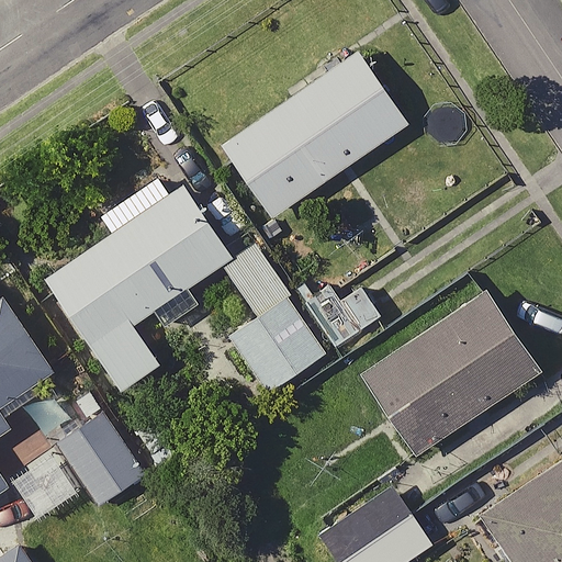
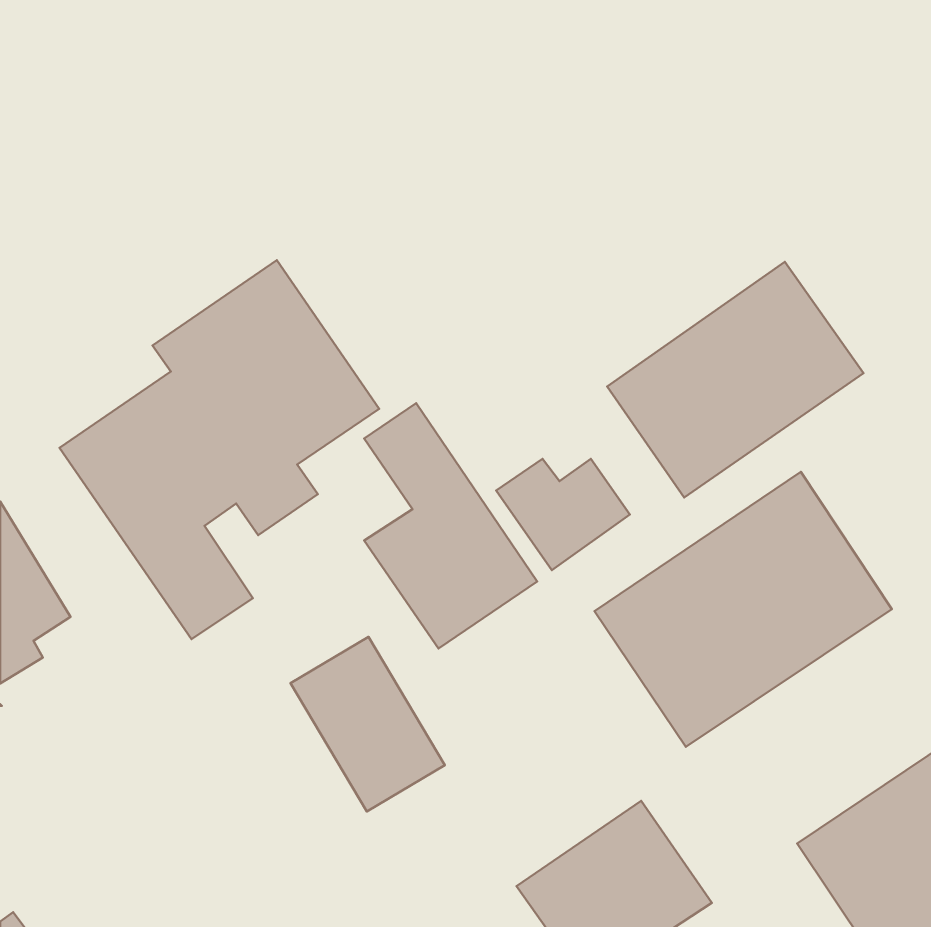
building: [220,48,408,220] -> none
building: none -> [607,262,864,497]
building: [54,409,145,513] -> [291,637,445,811]

